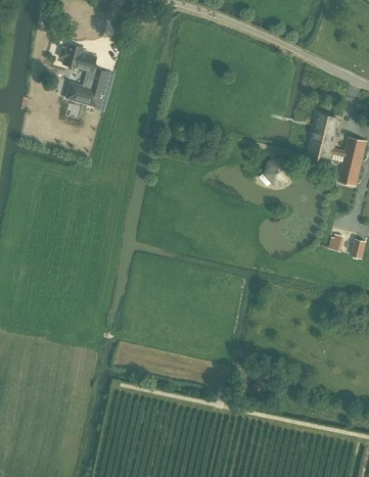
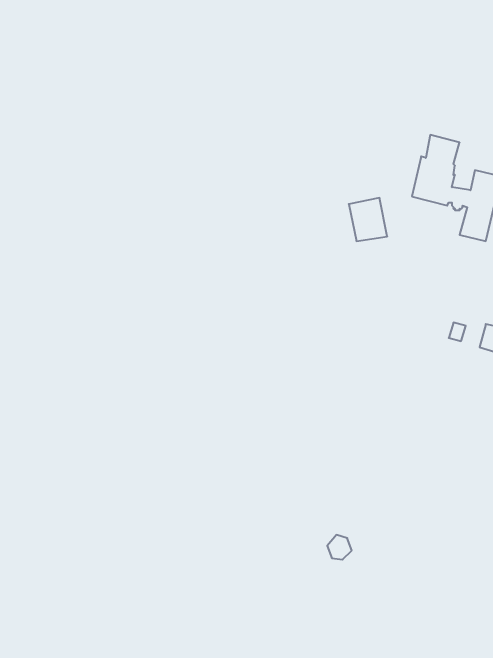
building: [57,44,104,106] -> none

